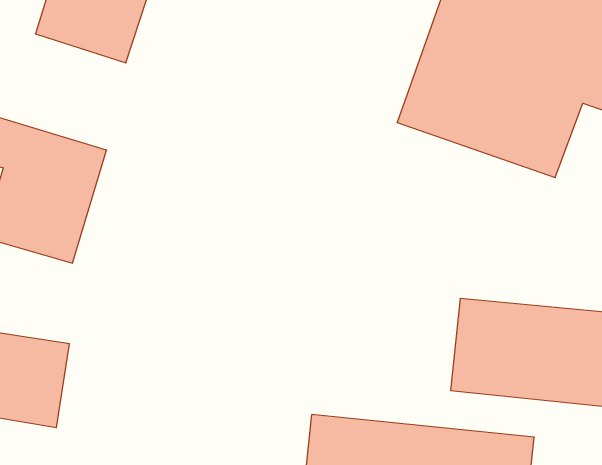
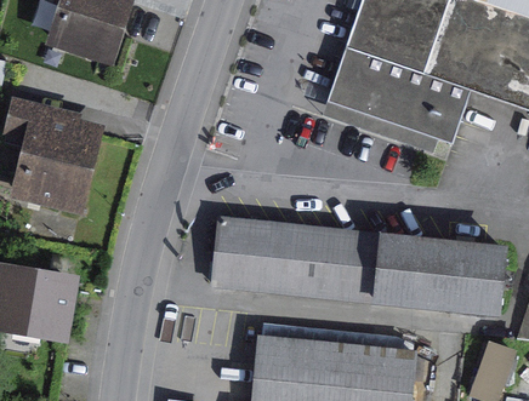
building: none -> [206,218,374,304]

